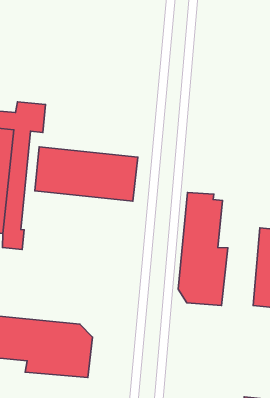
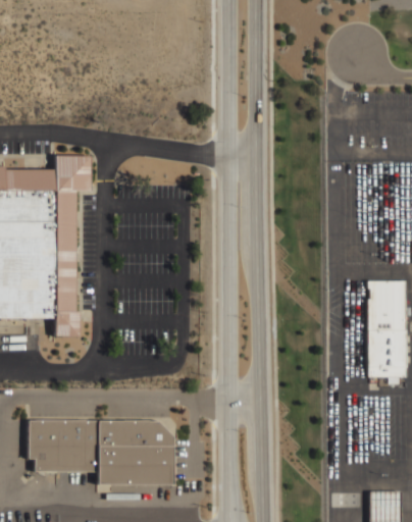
building: [35,147,138,201] -> none
building: [178,192,228,306] -> none

